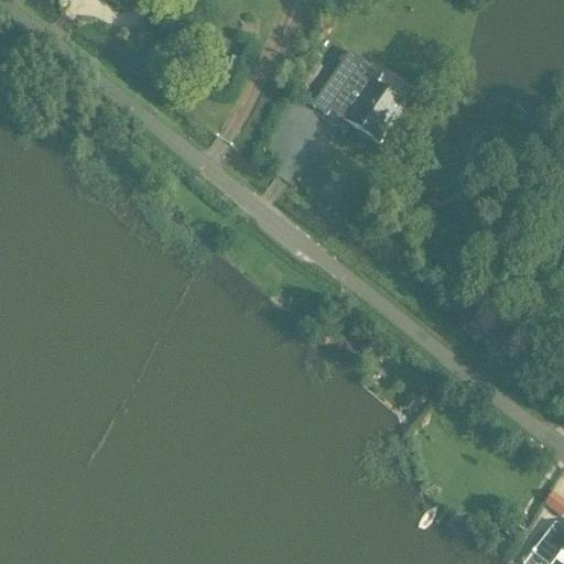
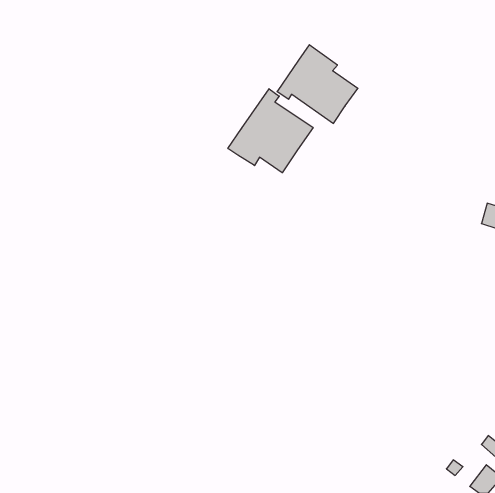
building: none -> [228,89,313,173]

